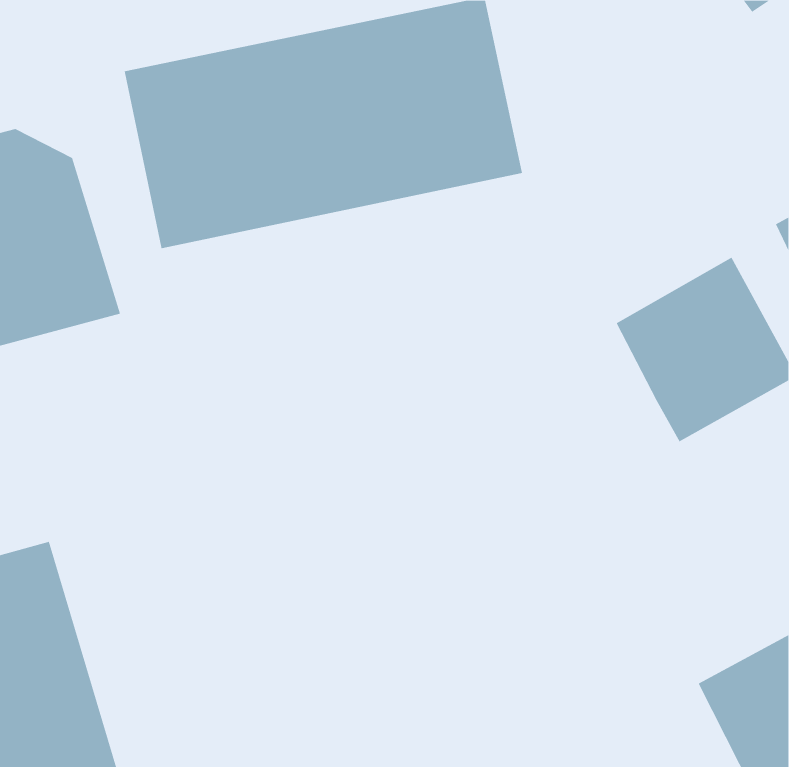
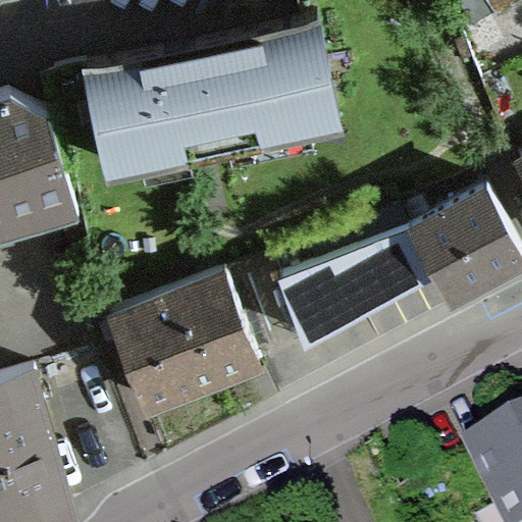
building: none -> [277,228,432,348]
building: none -> [104,274,263,421]

